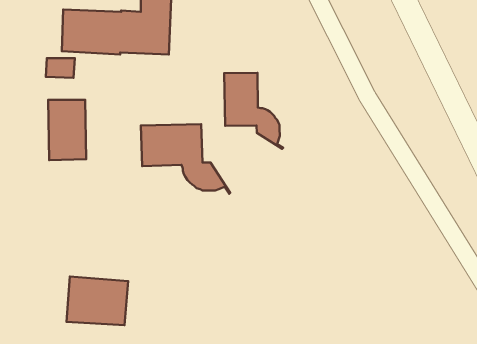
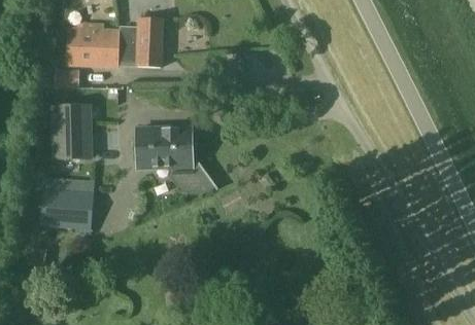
building: [224,73,283,149] -> none
building: [67,277,128,325] -> [39,189,94,232]

